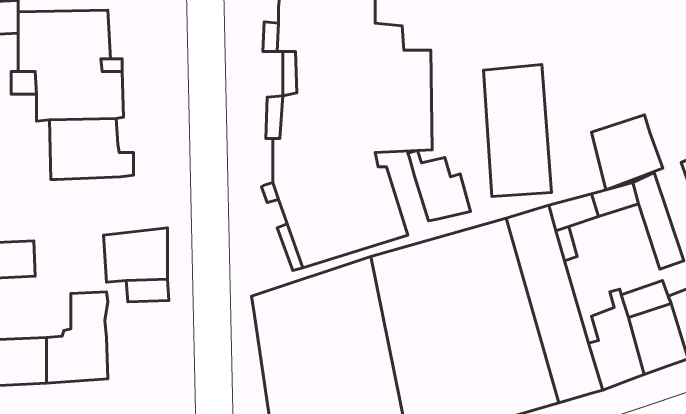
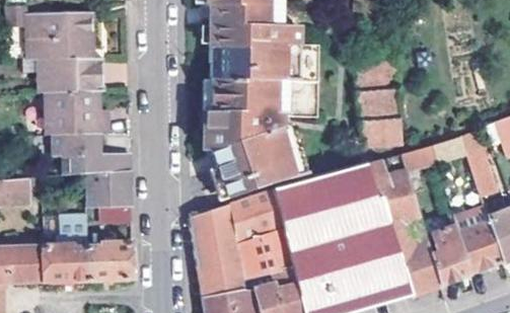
building: [592,115,663,190] -> none
building: [408,150,471,221] -> none
building: none -> [52,133,131,176]
building: none -> [87,238,134,277]

